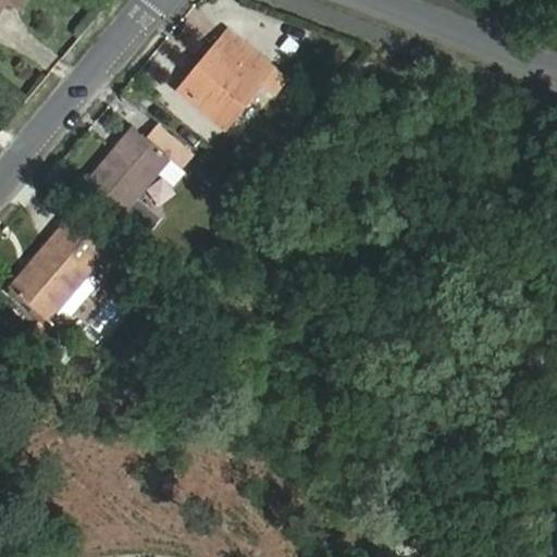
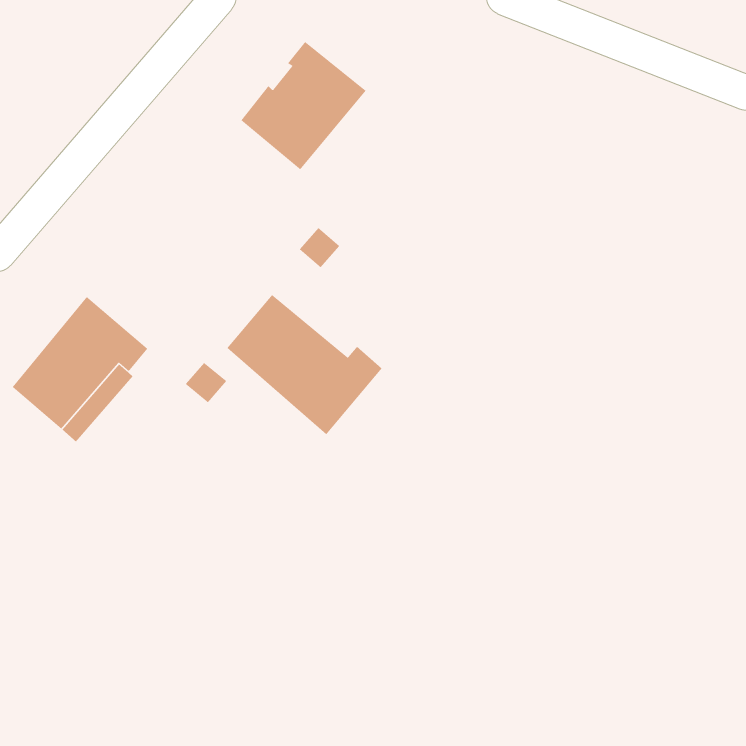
building: [85,123,193,233] -> none
building: none -> [226,294,383,435]

